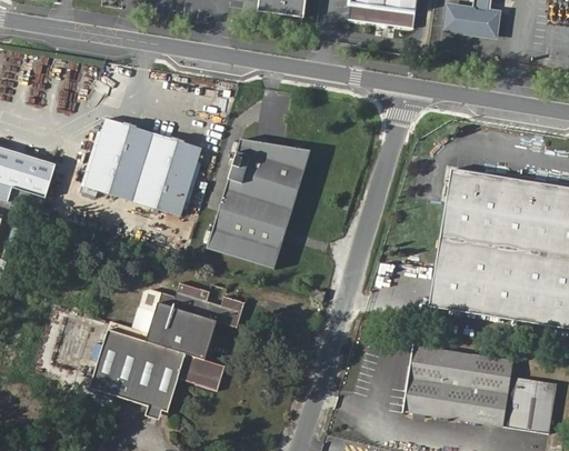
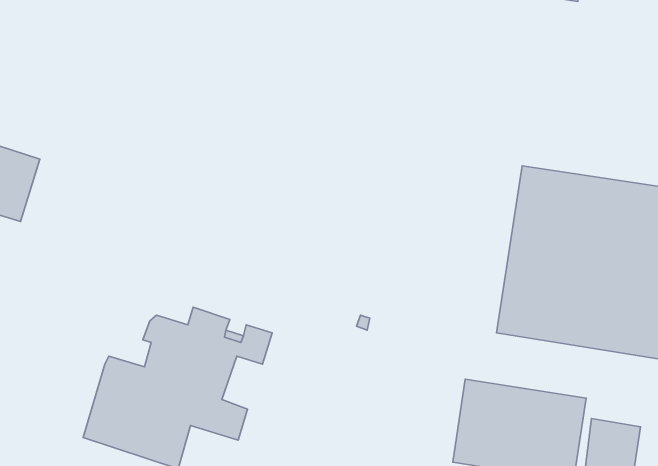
building: [84,118,201,214] -> none
building: [208,138,308,269] -> none

